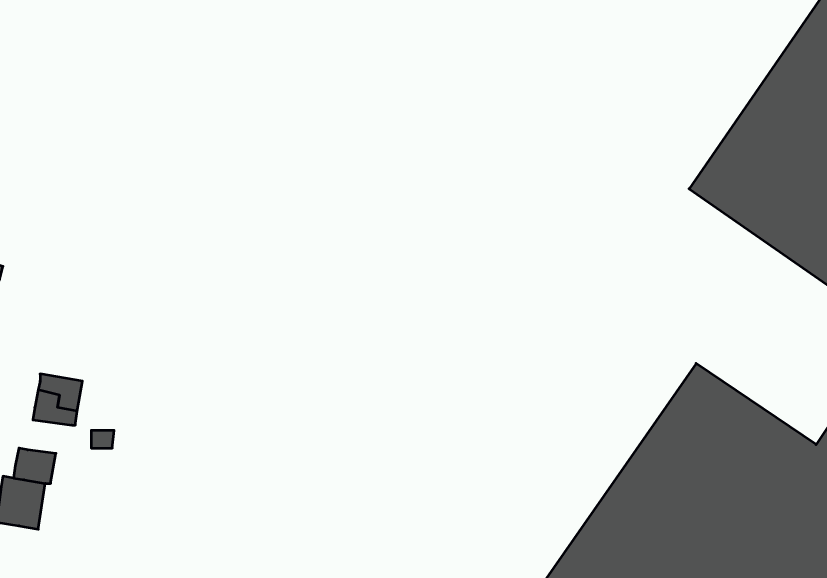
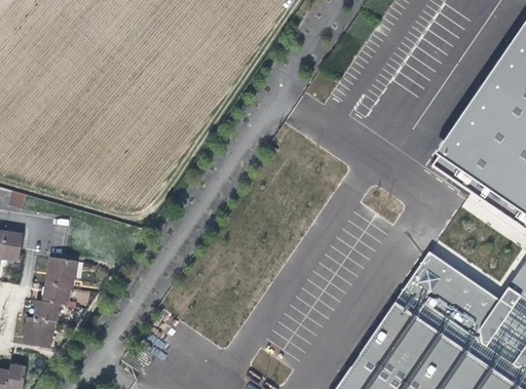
building: none -> [43,285,69,306]

